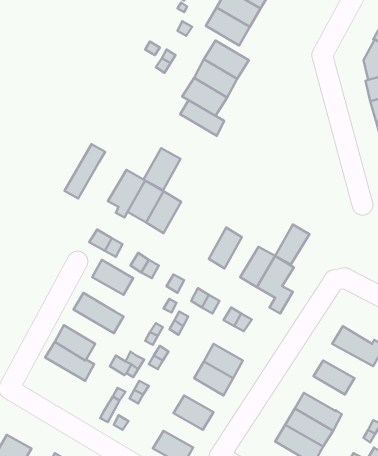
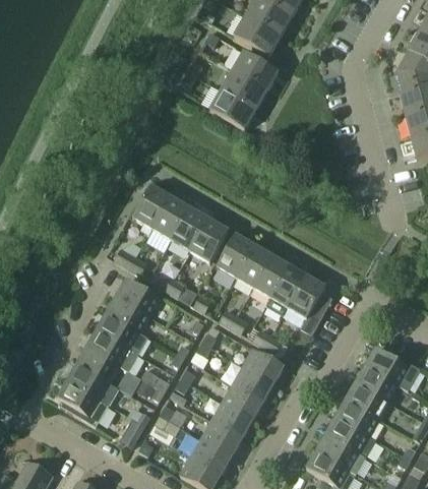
building: [180,100,224,136] -> none
building: [64,144,105,199] -> none
building: [143,148,181,190] -> [191,218,230,261]
building: none -> [218,233,256,277]
building: [275,224,310,265] -> [254,254,290,296]
building: none -> [108,296,149,331]
building: none -> [87,329,139,370]
building: none -> [243,347,285,382]
building: none -> [357,365,400,401]
building: none -> [58,379,110,426]
building: none -> [337,399,379,435]
building: none -> [212,401,253,436]
building: none -> [191,437,232,473]

